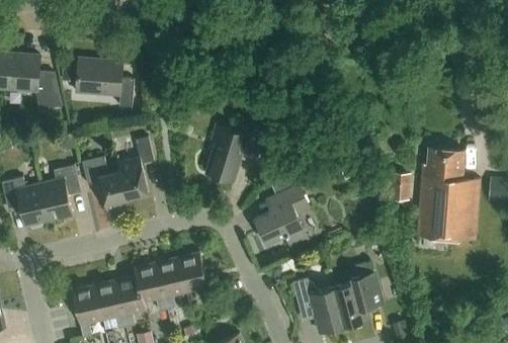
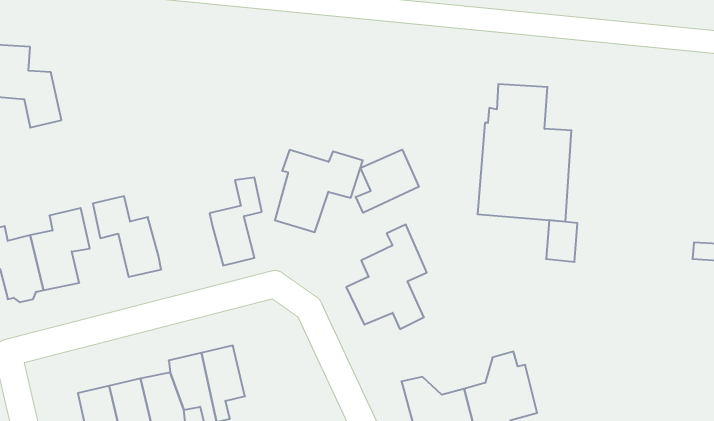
building: [76,59,135,107] -> none
building: none -> [356,150,419,213]
building: [118,138,154,197] -> [210,177,262,265]
building: [416,148,480,241] -> [477,84,571,221]
building: [178,253,210,302] -> none

